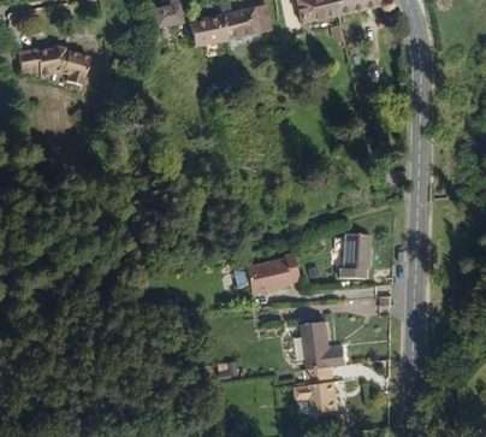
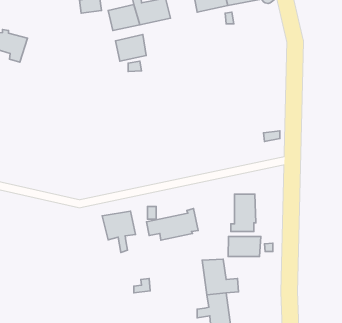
building: none -> [115,34,146,61]
building: none -> [102,211,135,253]
building: none -> [228,236,261,257]

